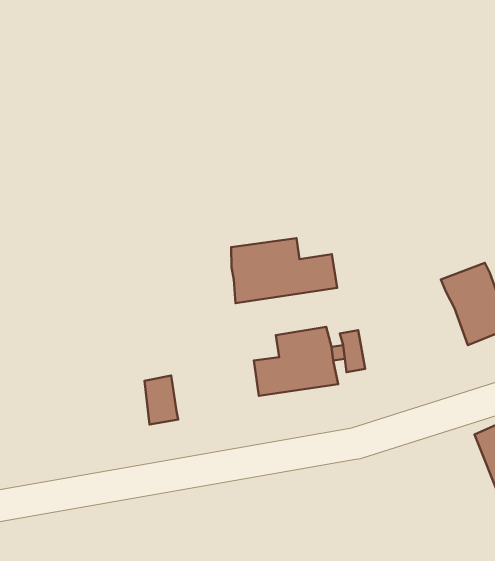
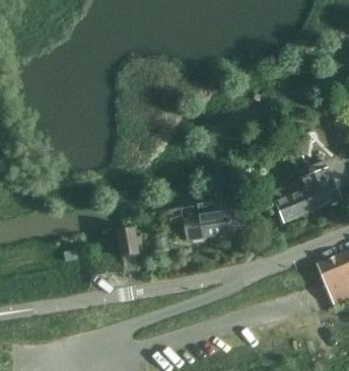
building: [231,238,337,303] -> none
building: none -> [272,179,313,221]

